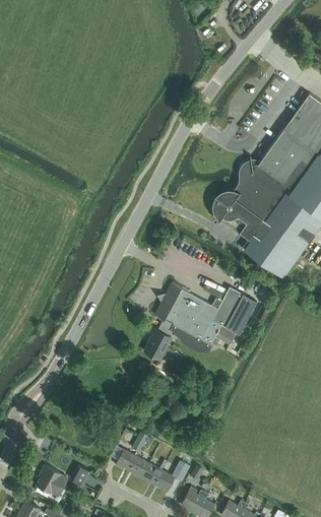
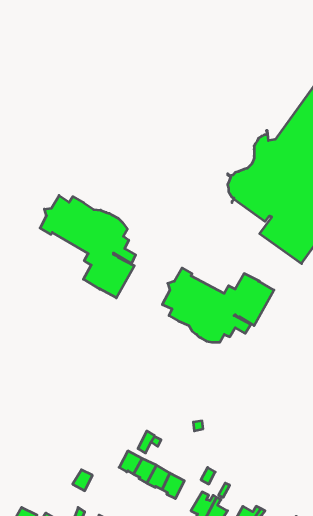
building: none -> [40,195,136,298]
building: [145,326,173,361] -> none
building: [37,466,67,497] -> none

